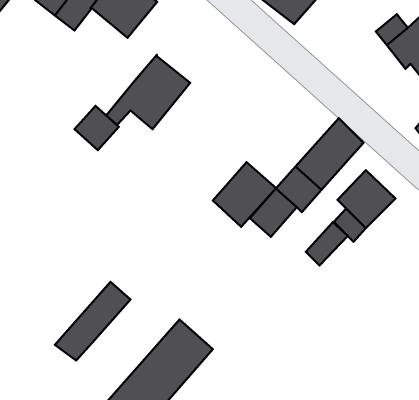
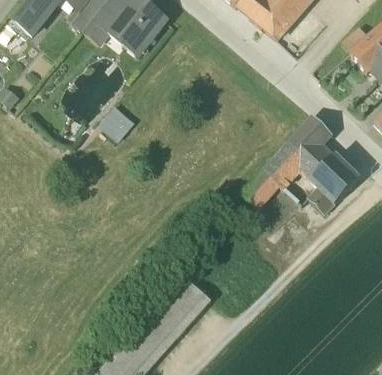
building: [106,55,190,129] -> none
building: [213,162,276,227] -> none
building: [306,222,348,266] -> [301,144,335,179]
building: [55,282,130,361] -> none

